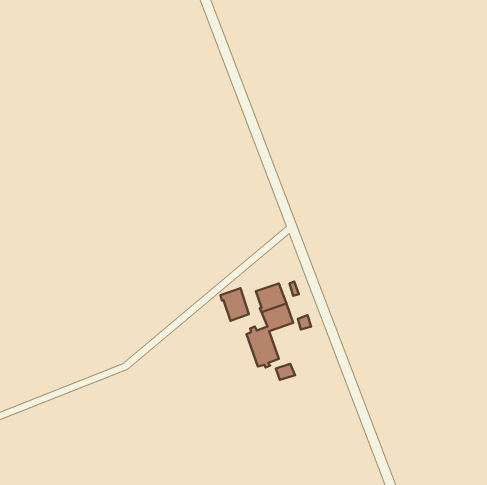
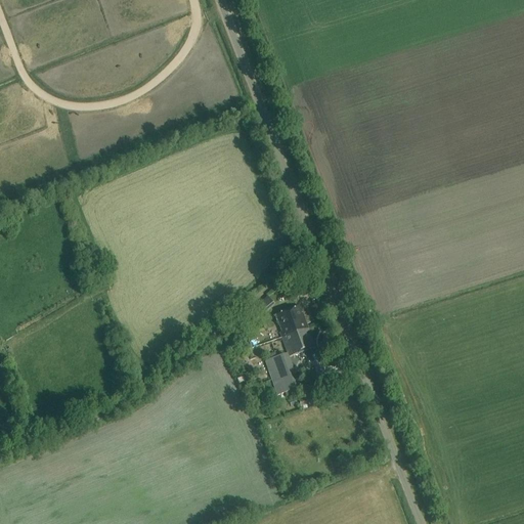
building: [220,288,249,321] -> none

